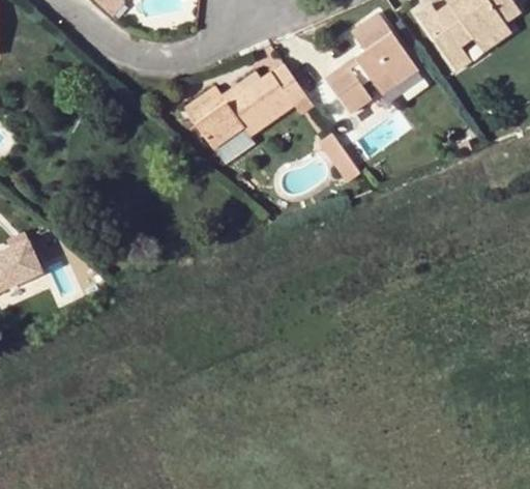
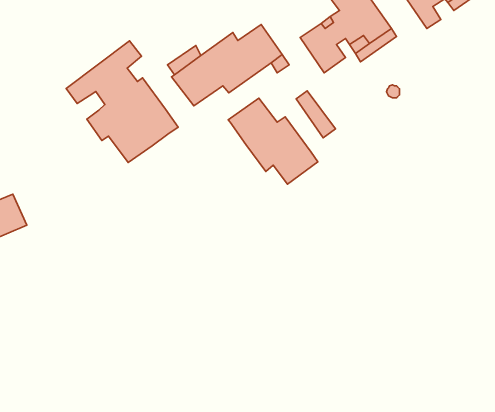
building: none -> [66,41,178,162]
building: none -> [228,98,318,184]

